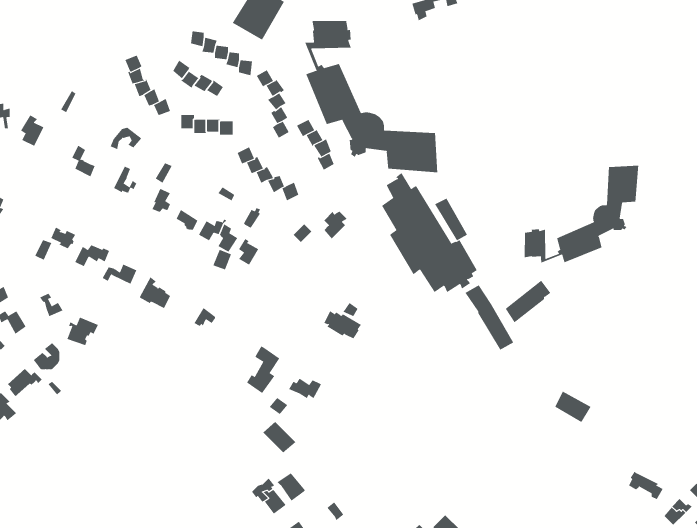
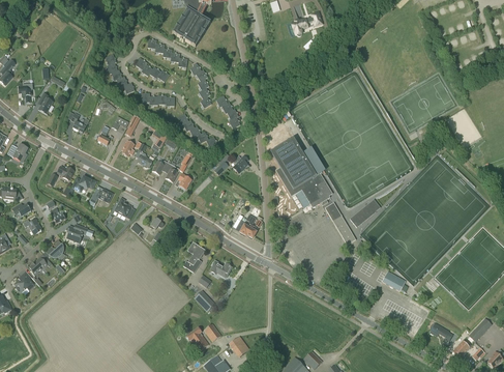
building: [305,20,438,173] -> none
building: [524,165,639,264] -> none

